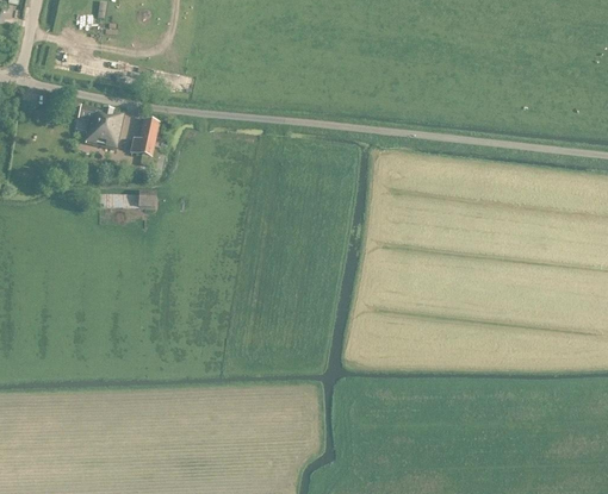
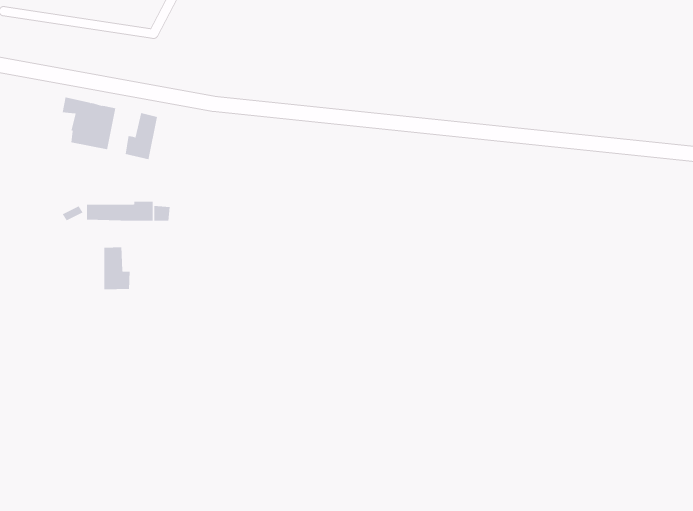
building: none -> [104,246,130,290]

